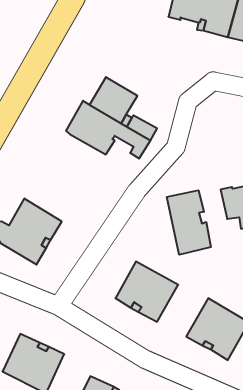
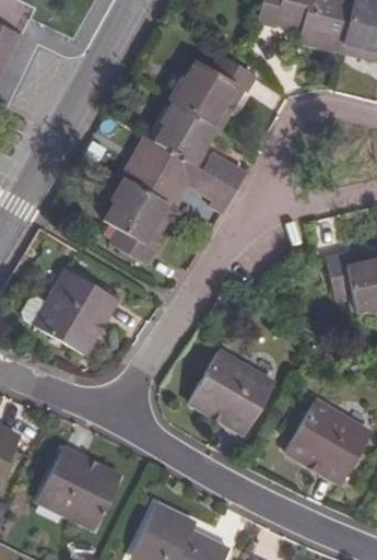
building: none -> [174,55,256,131]
building: none -> [105,180,176,262]
building: [167,190,211,255] -> none

